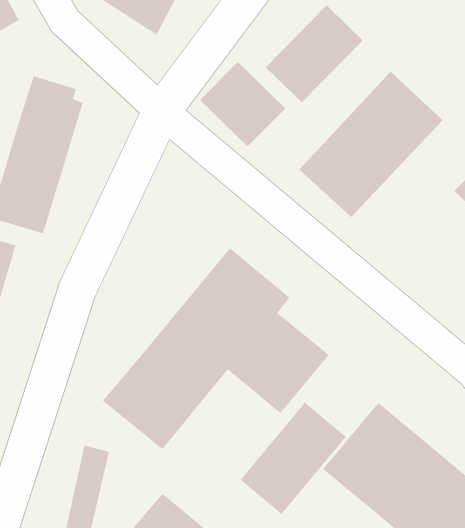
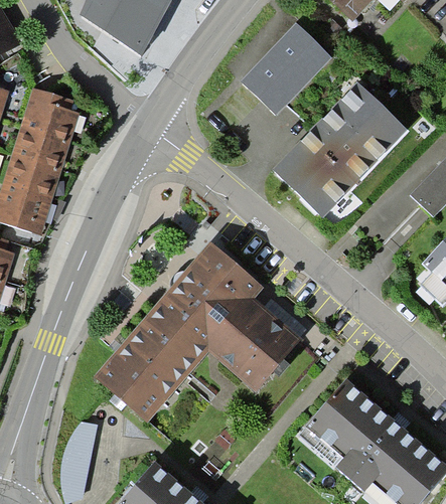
building: [199,61,286,147] -> none
building: [240,401,347,515] -> none

